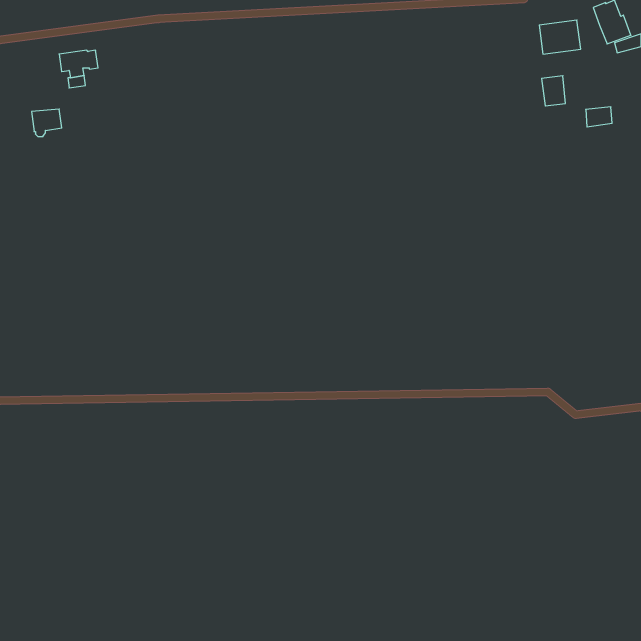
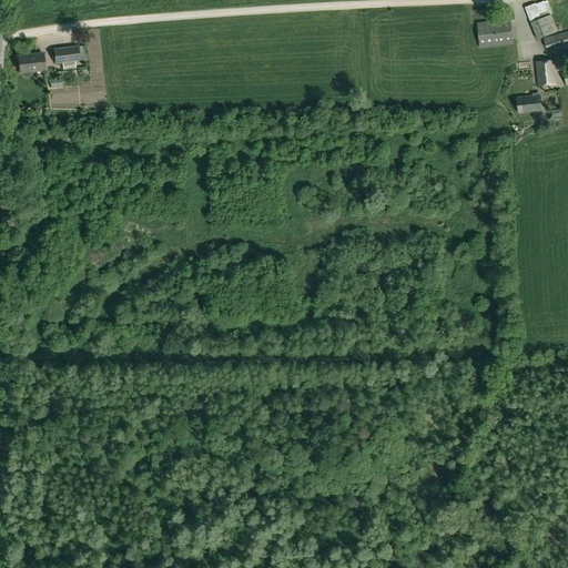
building: [542,76,565,106] -> [535,59,556,85]
building: [32,109,62,137] -> [18,52,44,77]

